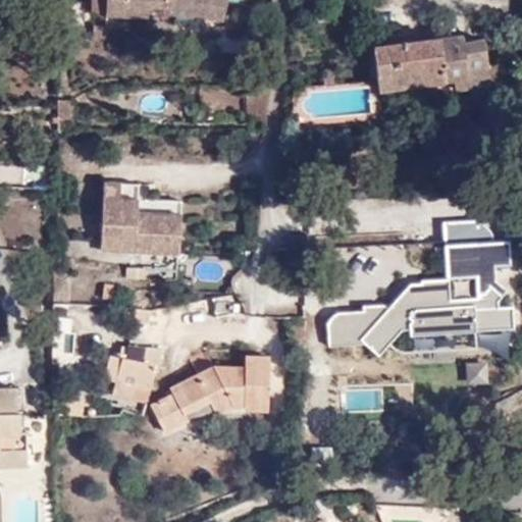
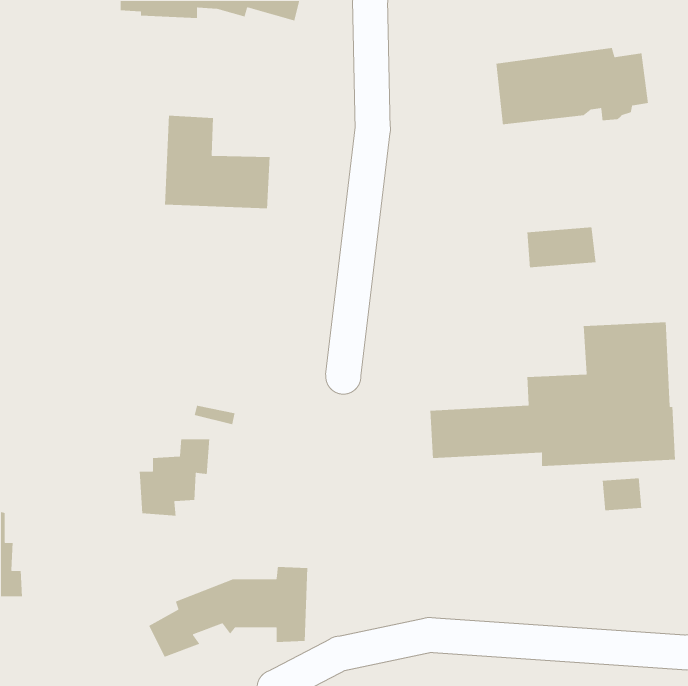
building: [102,178,182,250] -> [164,115,270,209]
building: [440,217,493,249] -> [526,227,596,268]
building: [148,357,269,426] -> [148,566,308,658]

